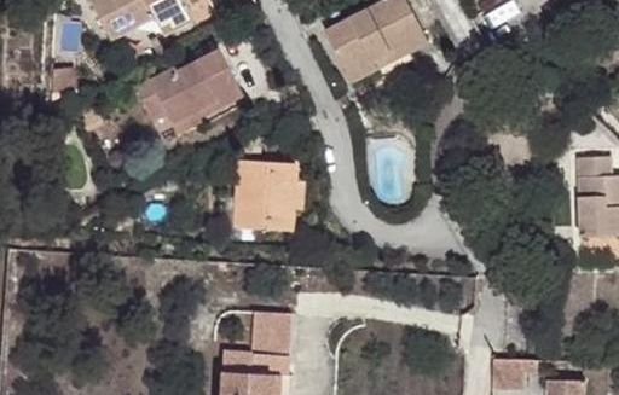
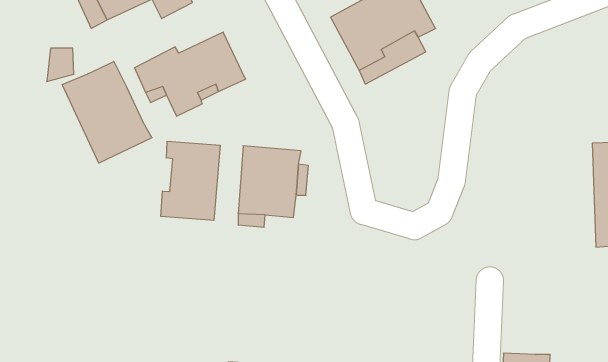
building: none -> [62,61,152,163]
building: none -> [161,141,220,220]
building: [253,314,291,355] -> none

